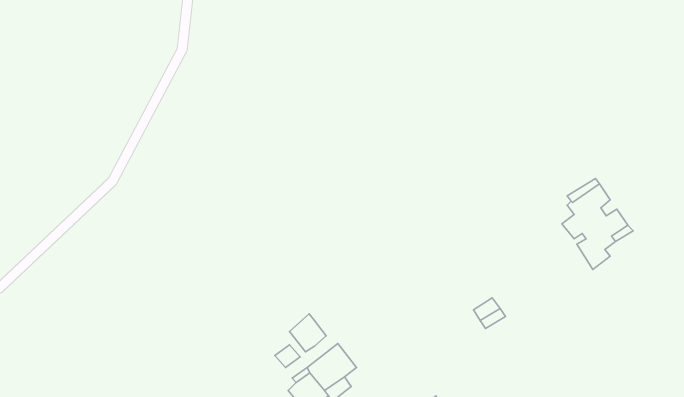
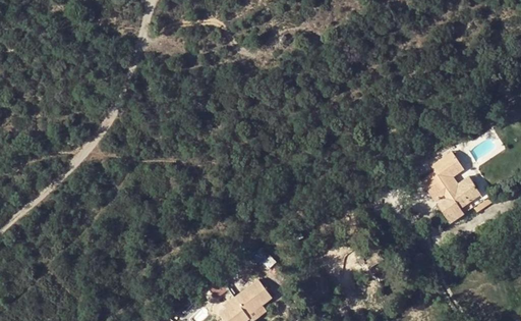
building: [290,314,326,352] -> none

